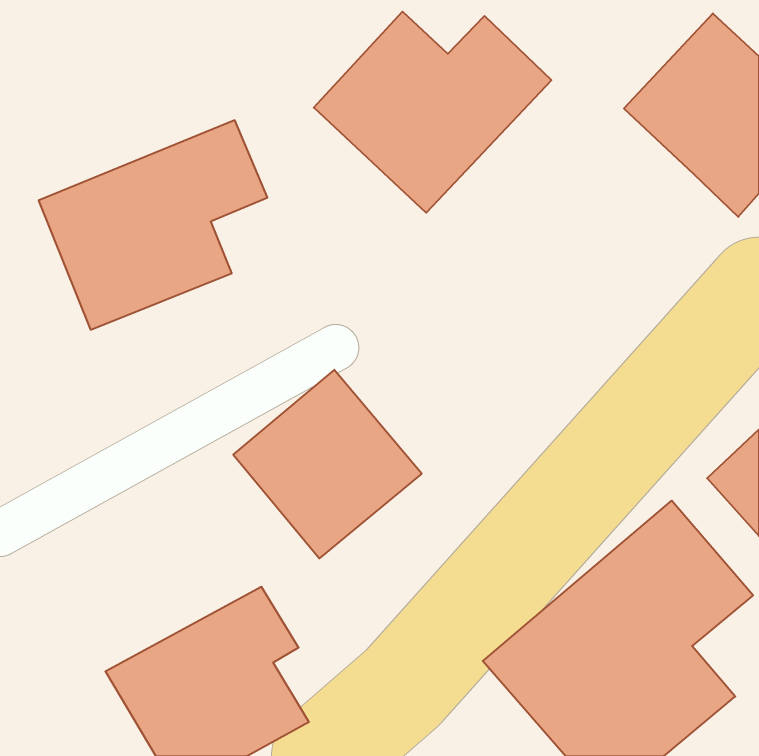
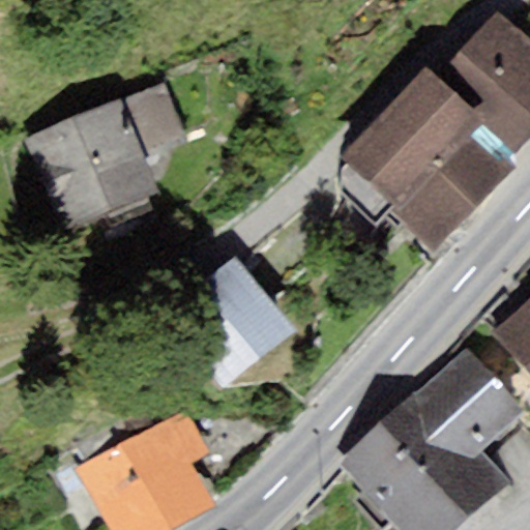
building: [314,12,551,213] -> none
building: none -> [338,66,509,248]

